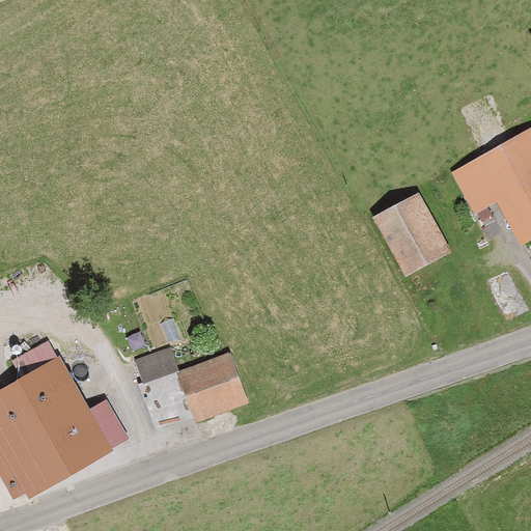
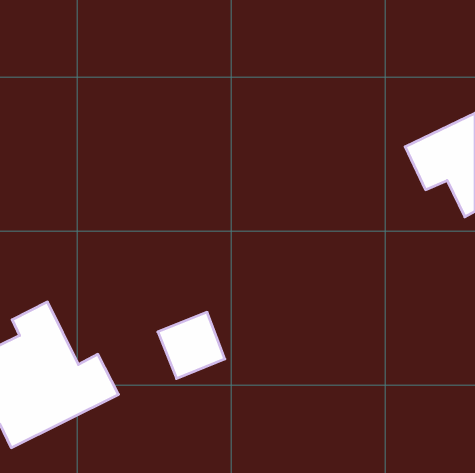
building: [372,192,452,278] -> none
building: [135,348,179,384] -> none

